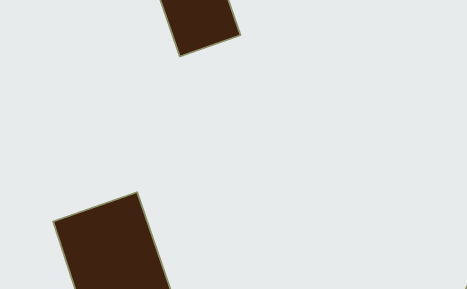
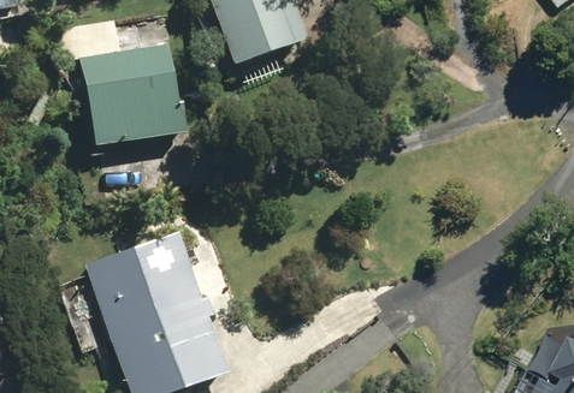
building: none -> [70,53,170,163]

